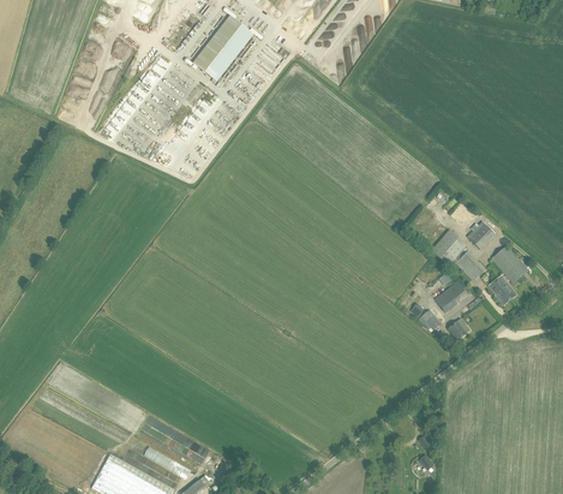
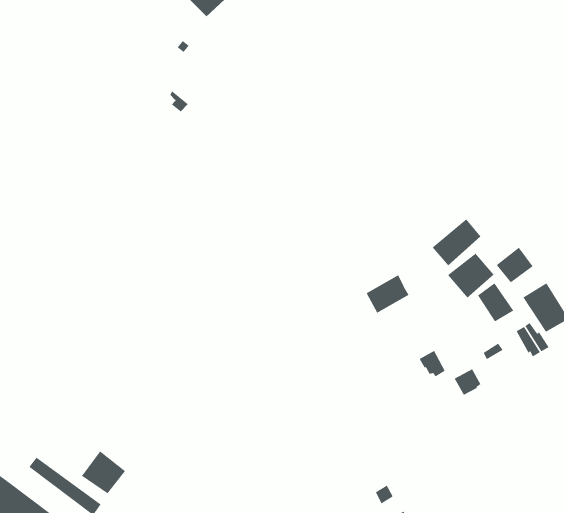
building: none -> [432,219,481,266]
building: [433,281,467,314] -> [366,274,410,314]
building: none -> [81,451,126,494]

